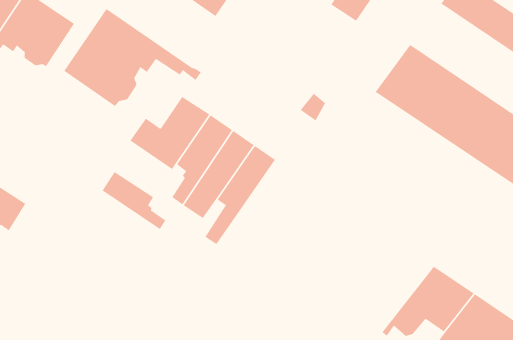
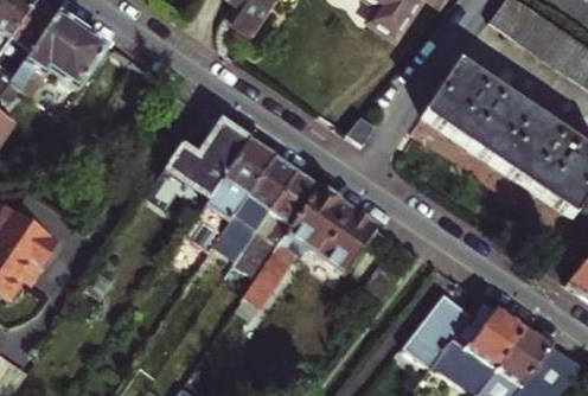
building: [63,8,202,107] -> none
building: none -> [243,186,375,305]
building: [102,171,166,230] -> none
building: none -> [403,292,480,366]

